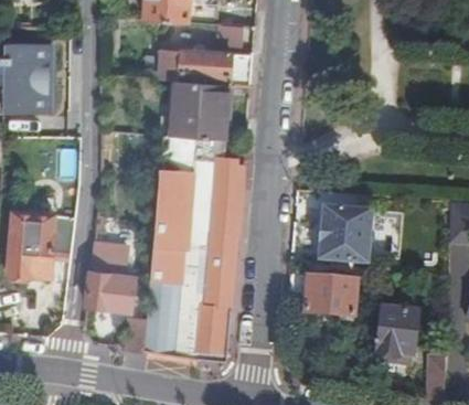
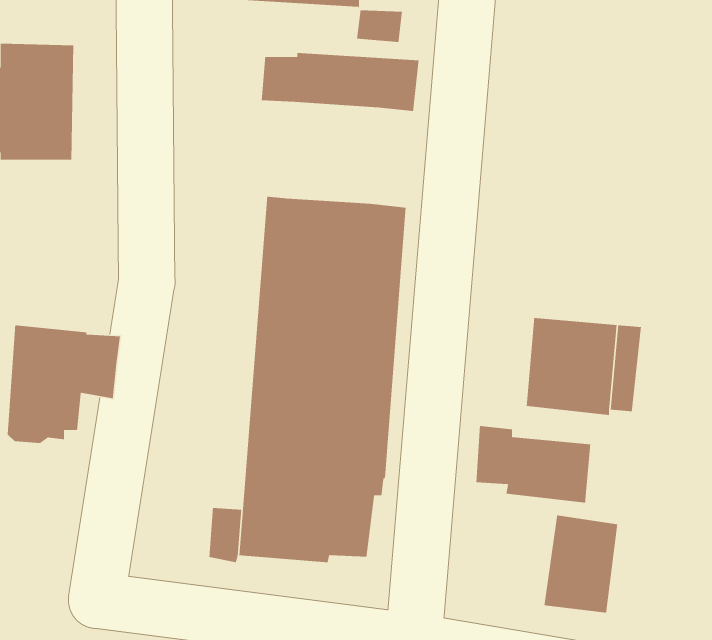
building: [174,78,228,138] -> none
building: [86,245,136,308] -> none
building: [373,306,417,364] -> [544,515,618,613]

